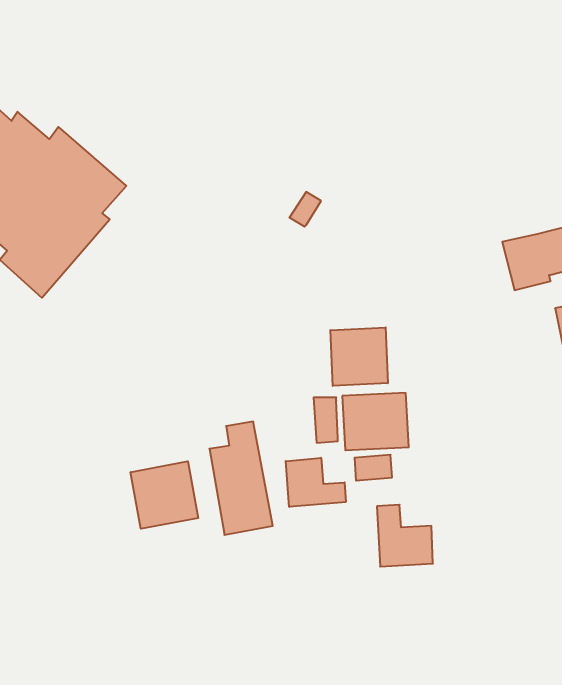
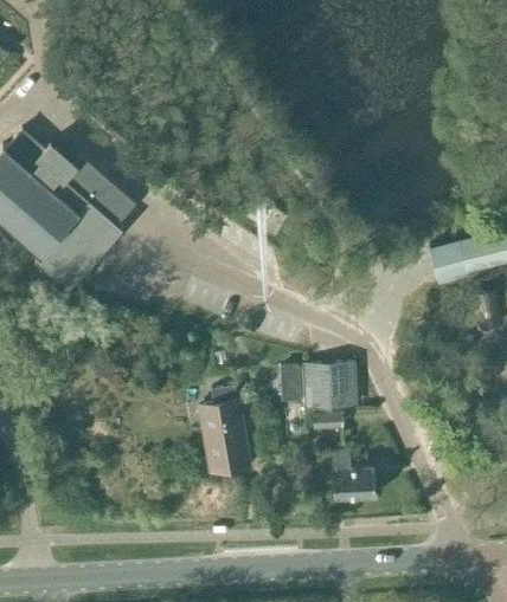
building: [330,327,388,386] -> none
building: [286,458,346,507] -> none
building: [131,461,198,529] -> none

